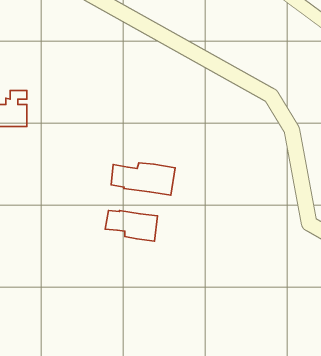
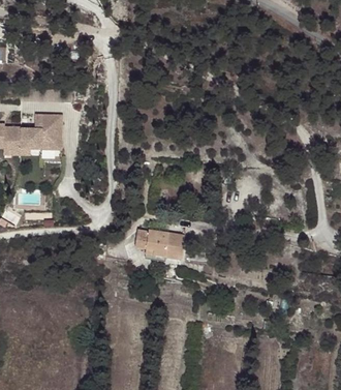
building: [111,163,175,195] -> none

